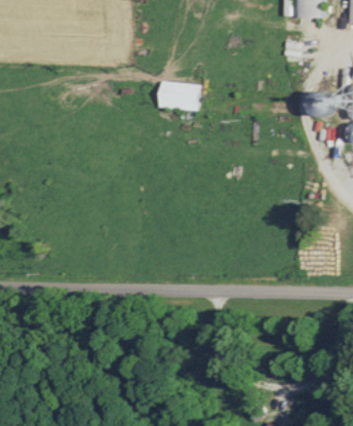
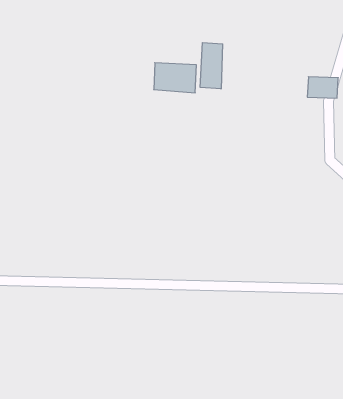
building: none -> [200,43,223,89]

